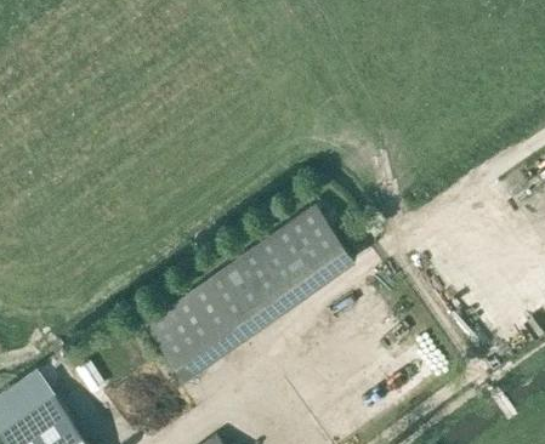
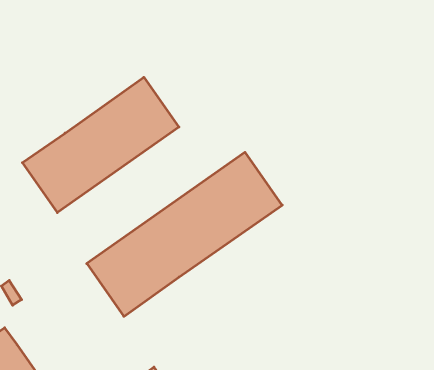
building: none -> [22,77,179,213]

